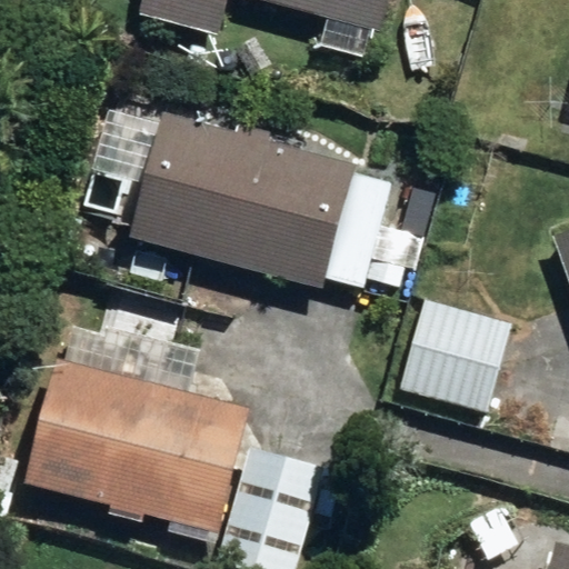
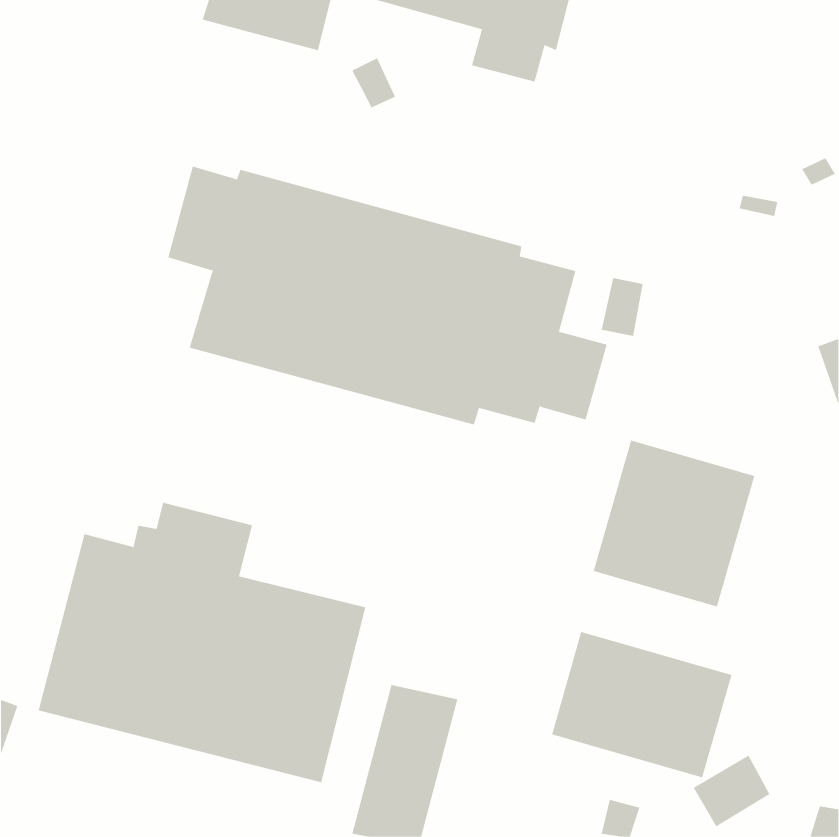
building: none -> [551,631,732,778]

